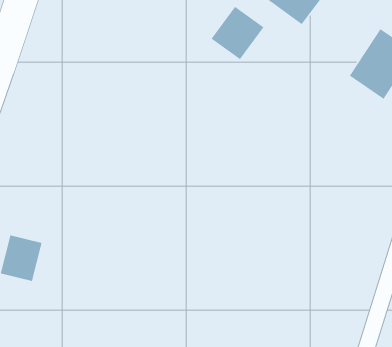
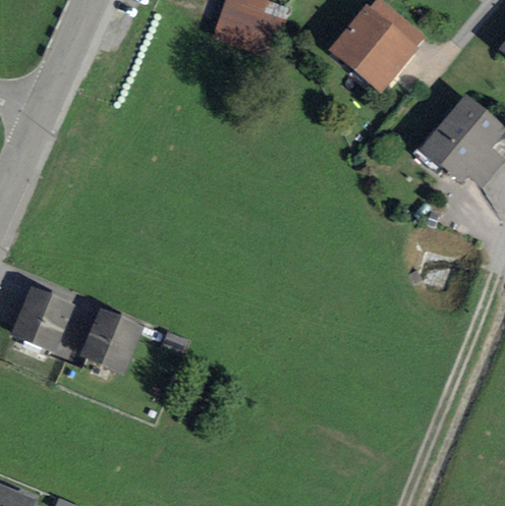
building: [211,6,265,60] -> none
building: none -> [86,315,138,369]

